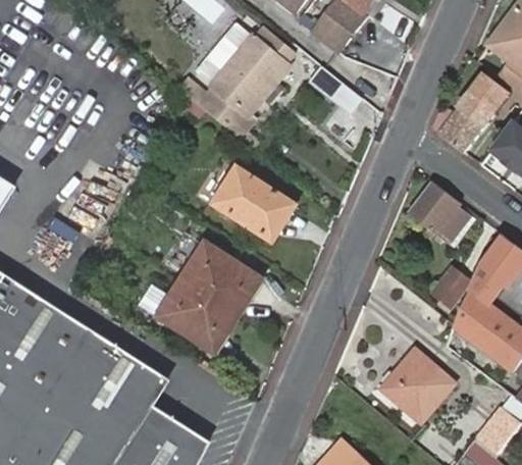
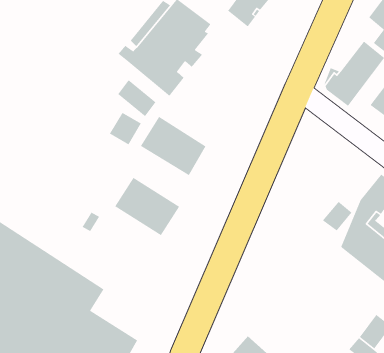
building: none -> [117,79,157,117]
building: none -> [109,112,142,145]
building: [411,182,472,244] -> none
building: [153,277,234,353] -> none
building: [385,352,455,421] -> none

